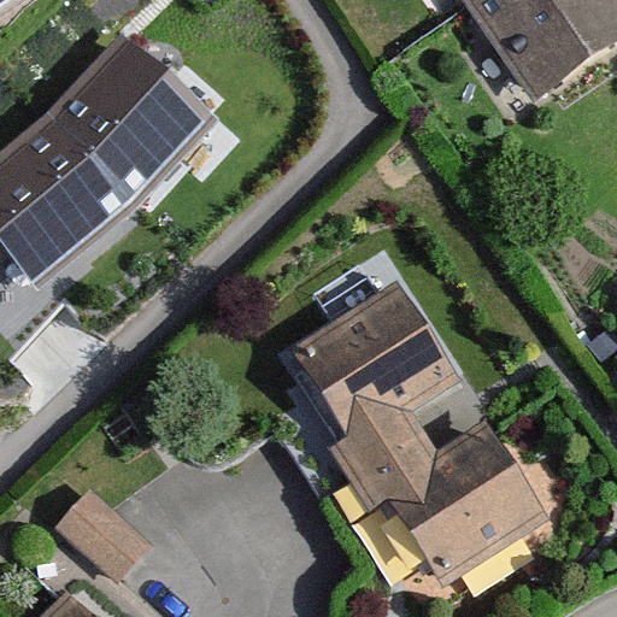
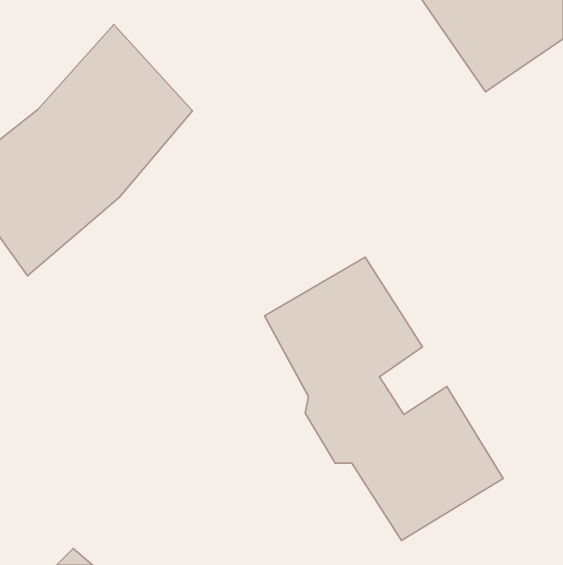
building: [53,484,151,581] -> none

